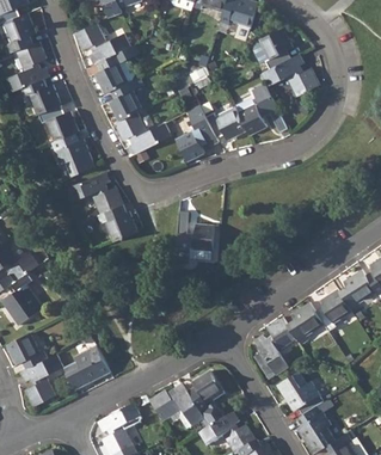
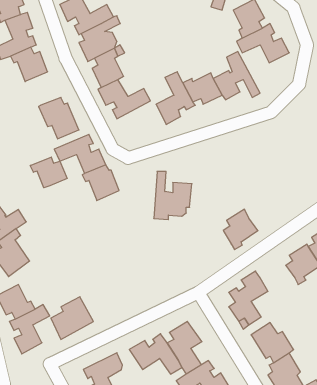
building: [38,105,79,141] -> none
building: none -> [30,157,67,188]
building: [288,302,325,345] -> [223,209,258,250]

